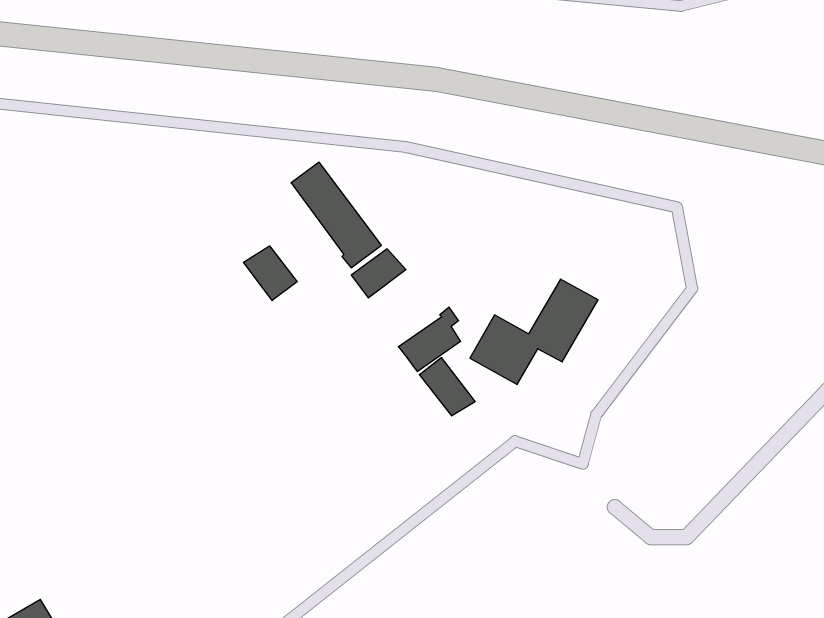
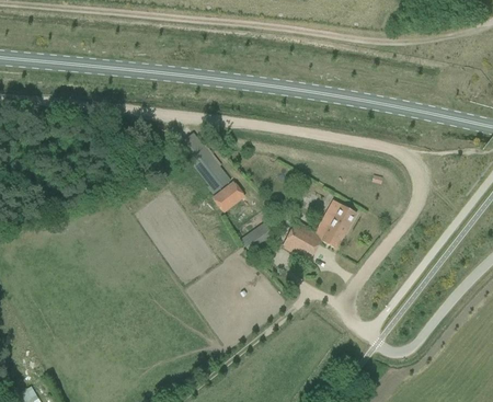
building: [243,246,297,301] -> none
building: [419,358,475,416] -> none

